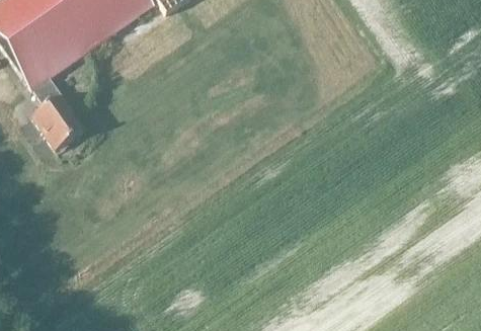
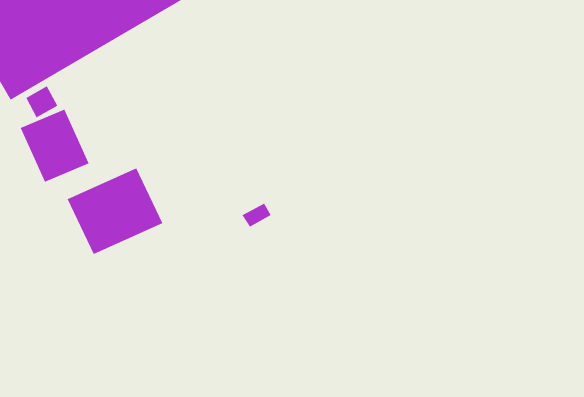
building: none -> [67,168,163,255]

